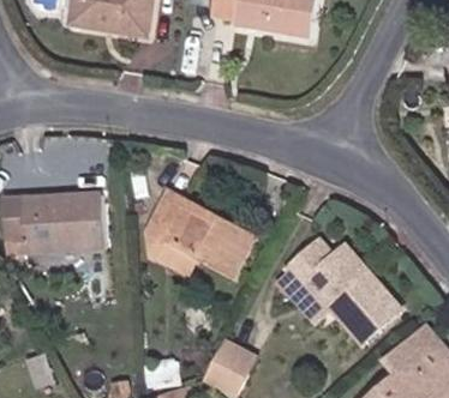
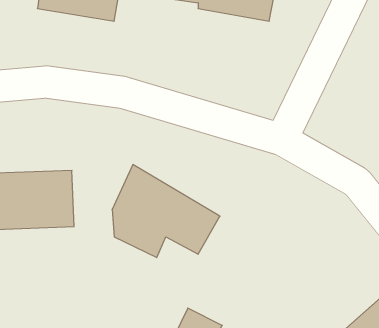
building: [271,237,407,345] -> none

